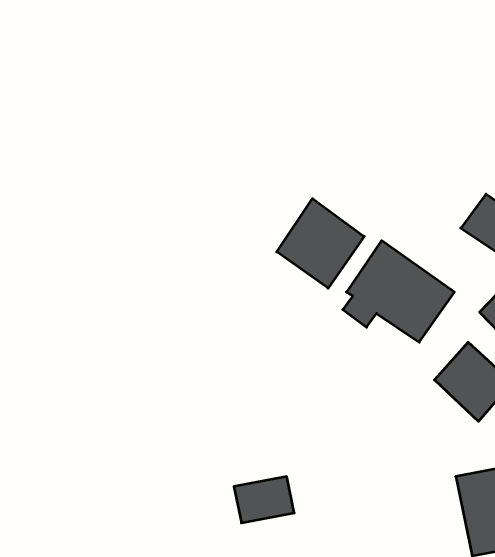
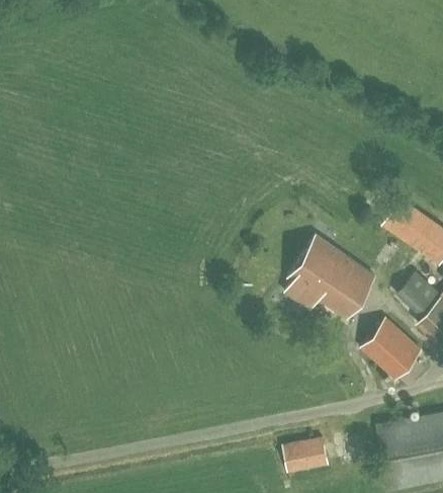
building: [277,199,364,288] -> none
building: [234,477,294,523] -> [281,436,330,474]

